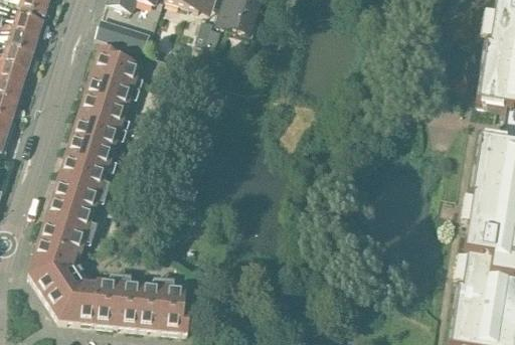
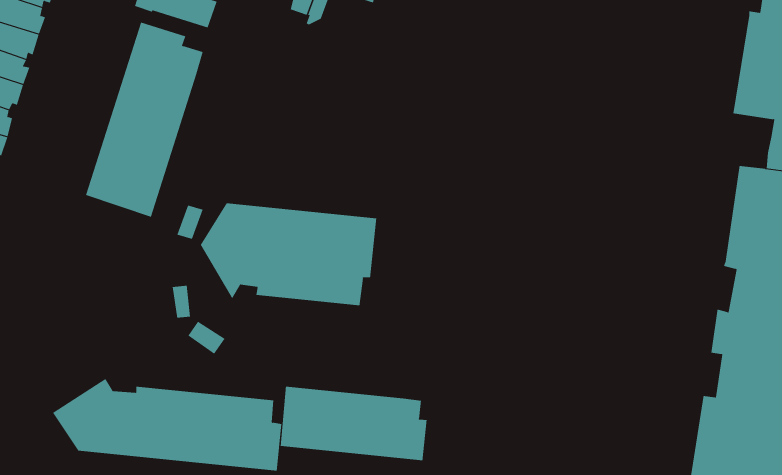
building: [27,156,107,295] -> none
building: none -> [200,202,377,306]
building: none -> [280,386,427,461]

